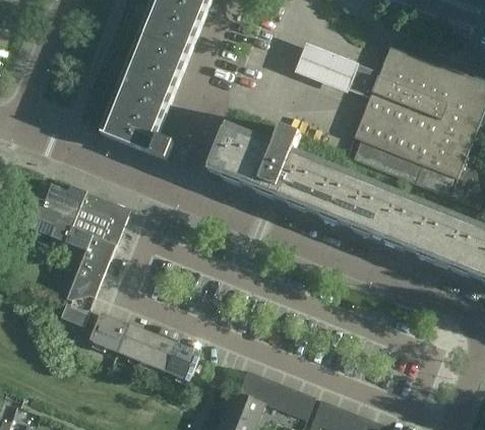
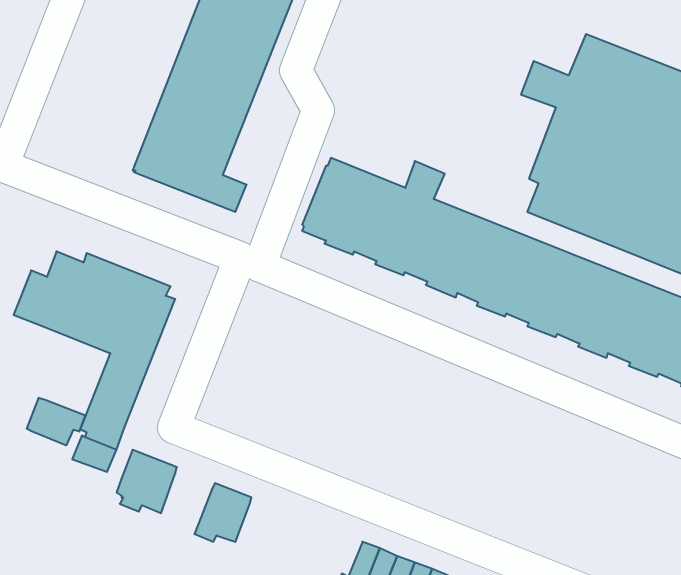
building: [294,40,358,89] -> none
building: none -> [27,398,85,445]
building: [118,322,153,365] -> none
building: [166,342,199,384] -> none

